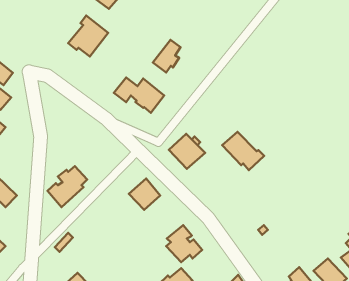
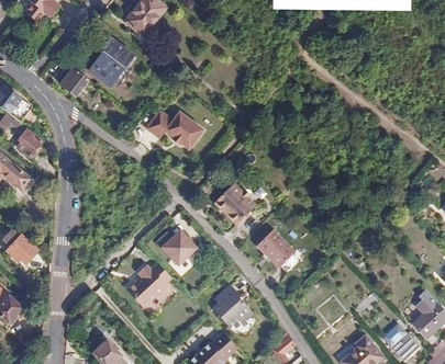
building: none -> [63,69,91,100]
building: [153,40,180,72] -> none
building: [222,132,264,170] -> [257,230,305,274]
building: [47,166,87,207] -> [127,261,174,308]

